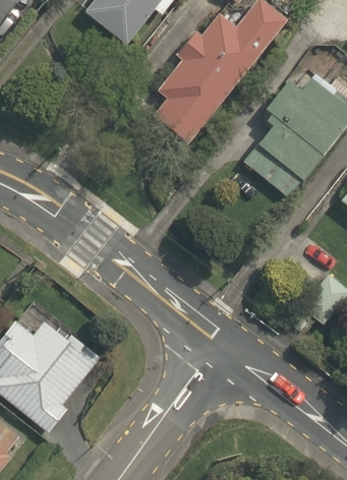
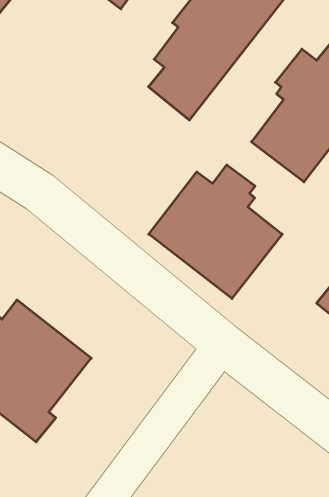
building: none -> [149,165,282,299]

